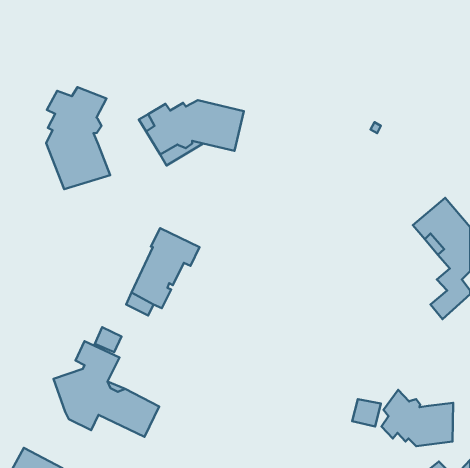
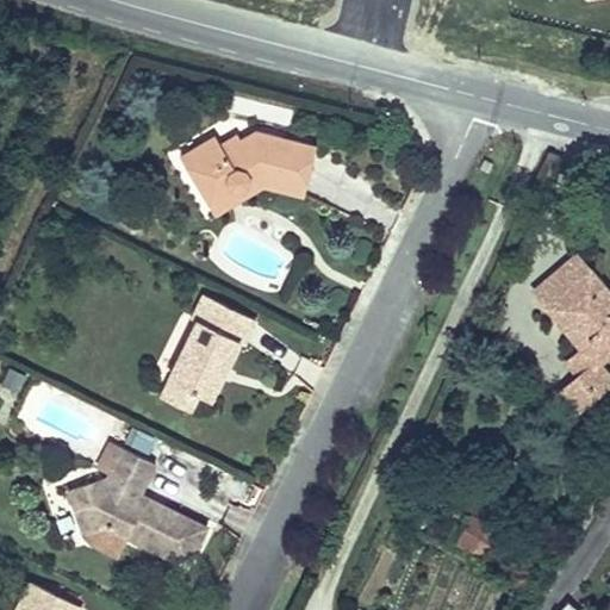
building: [46,87,110,189] -> none
building: [382,390,453,446] -> none

